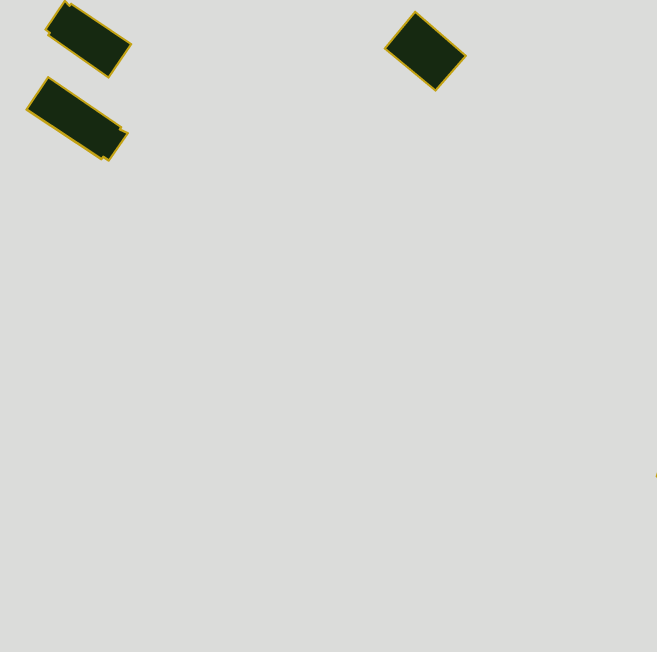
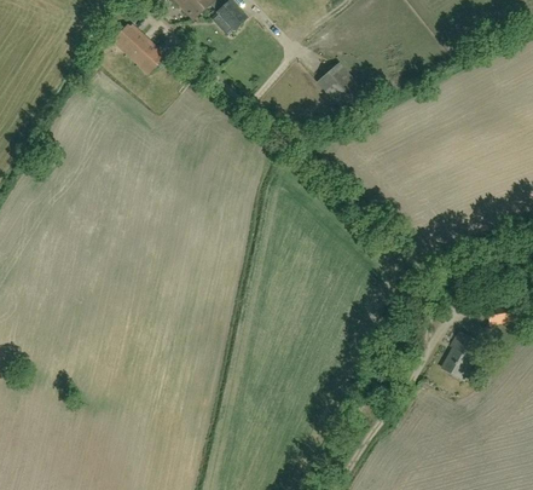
building: [26,77,128,161] -> none

